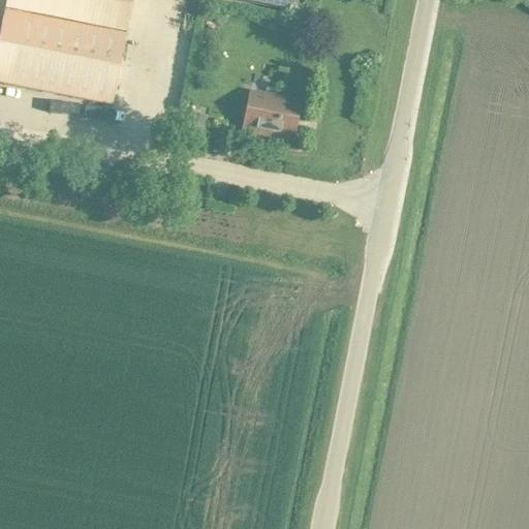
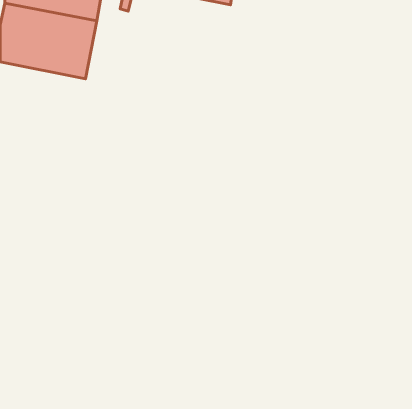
building: [242,90,300,137] -> none

